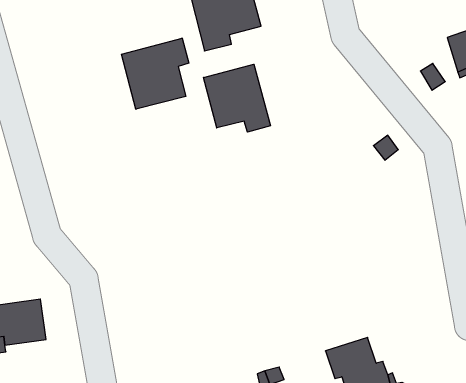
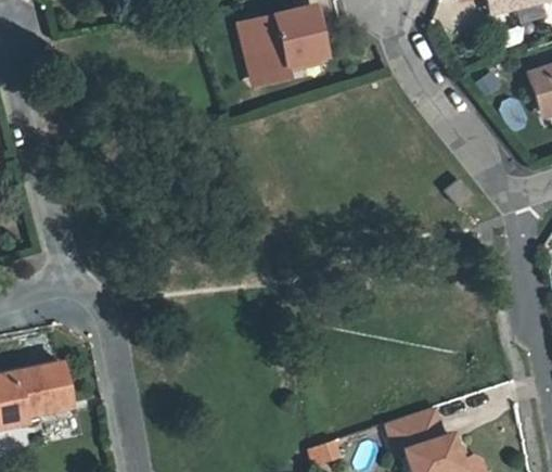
building: [122,38,189,109] -> none
building: [204,64,271,132] -> none

